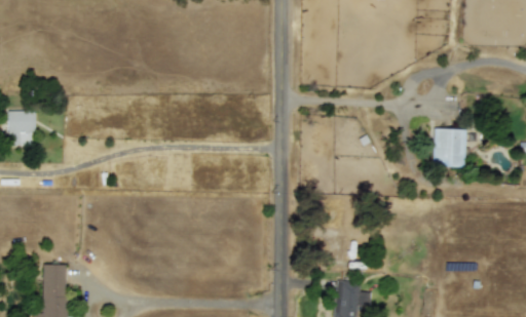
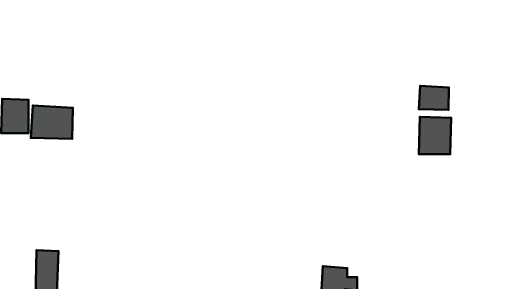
building: none -> [419,86,449,110]
building: none -> [31,105,73,139]

